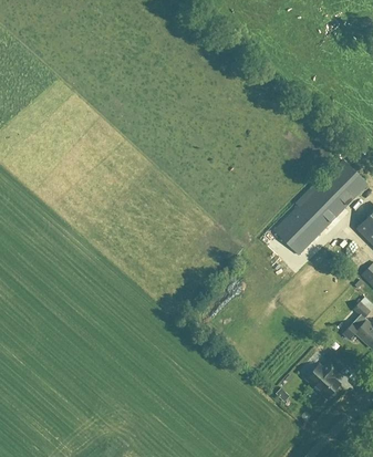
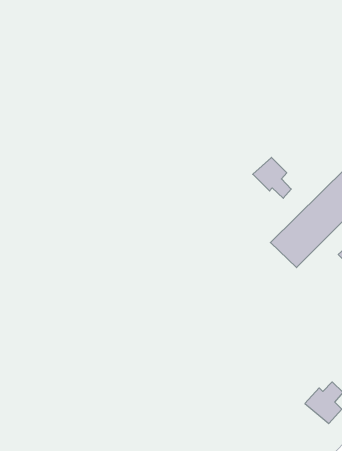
building: none -> [253,157,291,198]

